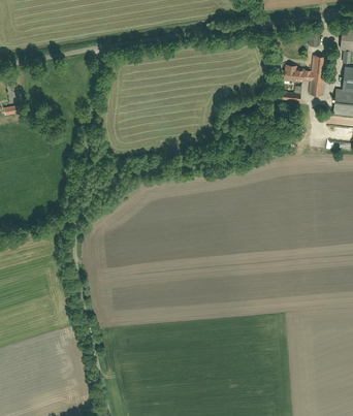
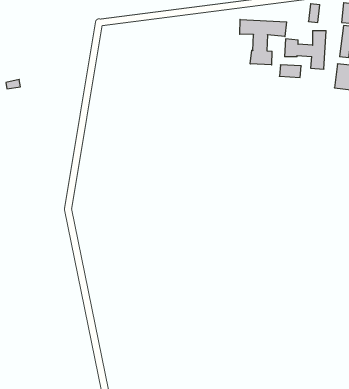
building: none -> [240,19,287,65]

